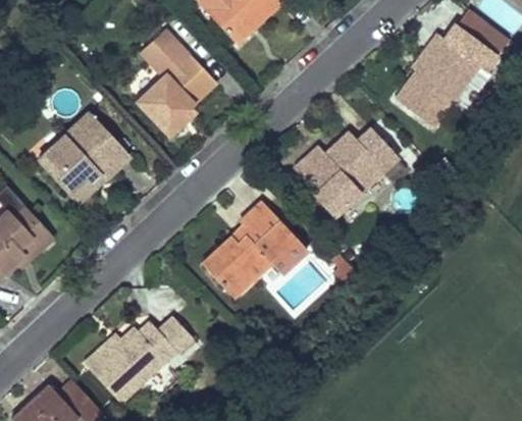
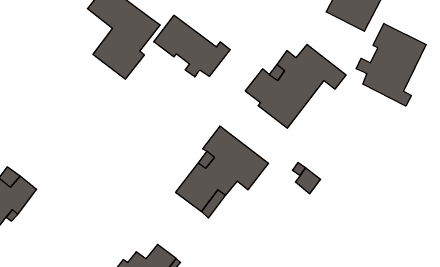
building: none -> [154,15,230,77]
building: [38,112,130,204] -> none
building: none -> [356,23,426,106]

